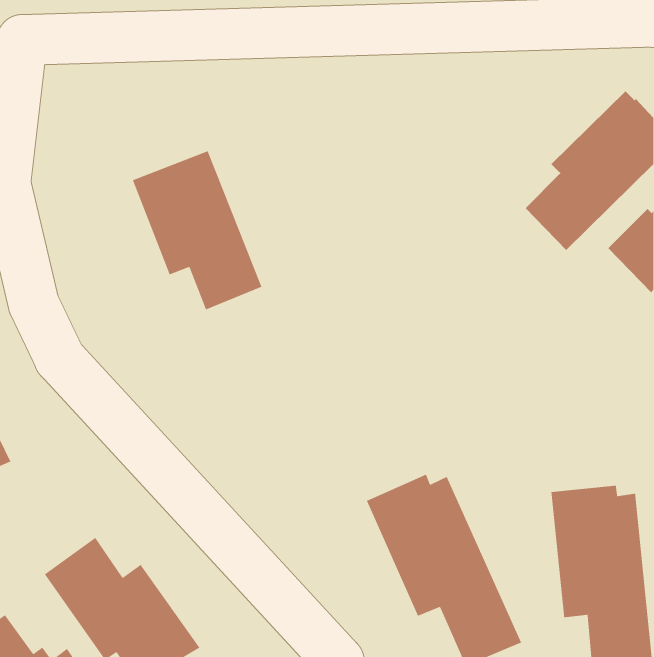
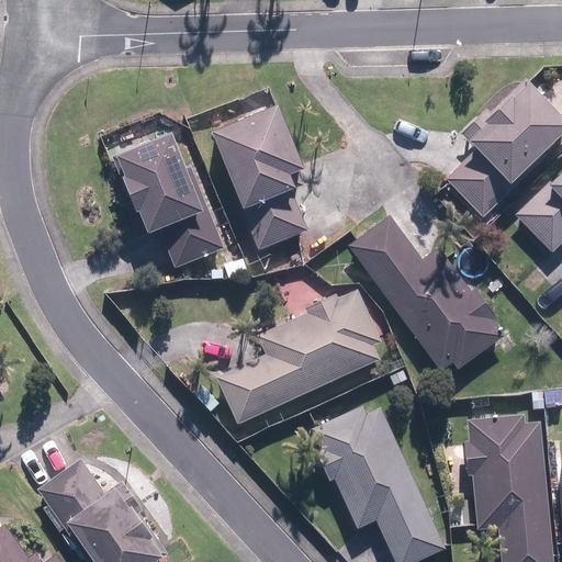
building: none -> [216,103,308,250]
building: none -> [347,215,503,371]
building: none -> [215,290,381,424]

